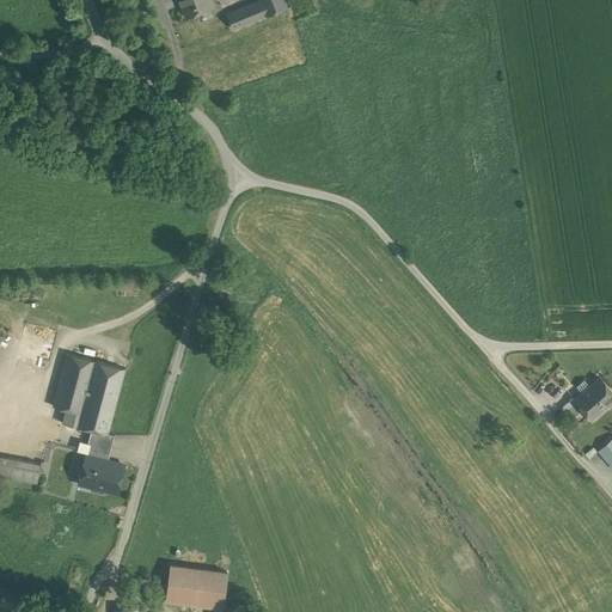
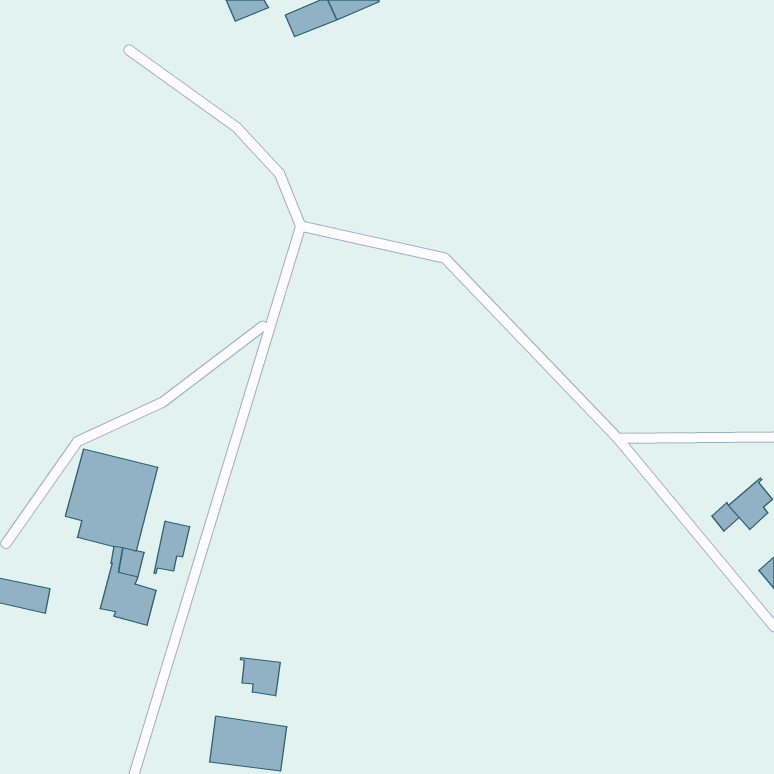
building: none -> [154,521,190,574]
building: none -> [240,658,280,696]

